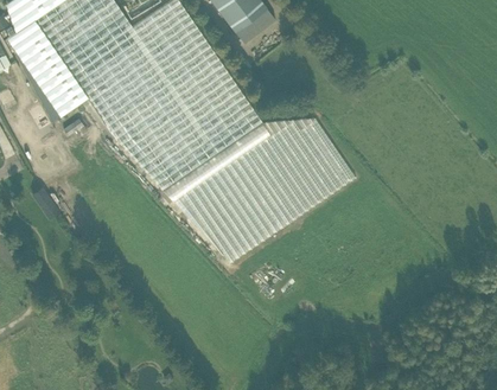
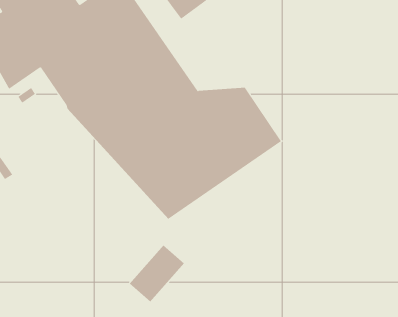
building: none -> [129,245,185,302]

